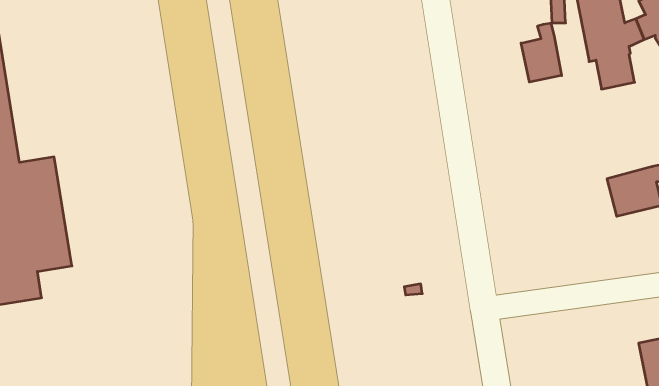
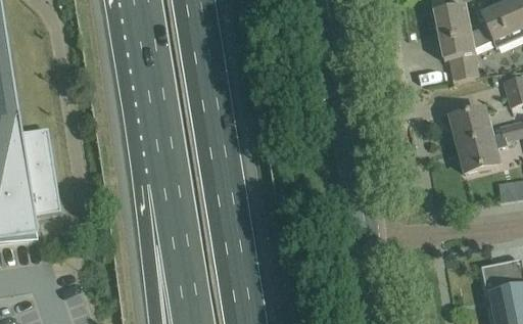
building: [521,23,562,82] -> none
building: none -> [450,109,491,145]

